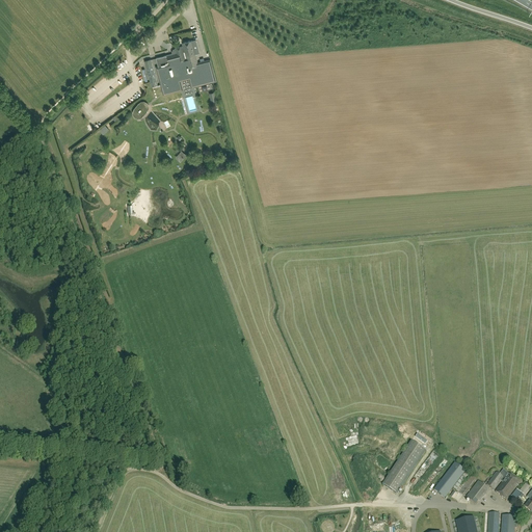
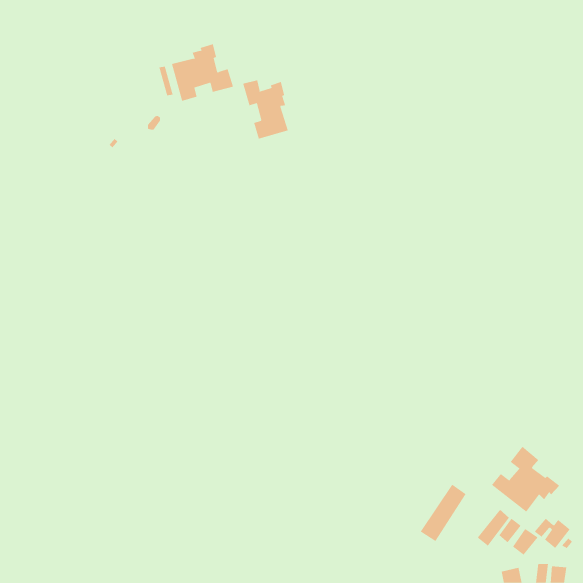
building: none -> [242,80,288,140]
building: none -> [491,446,560,513]

